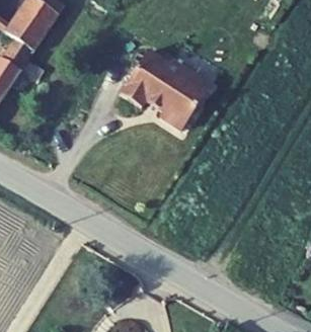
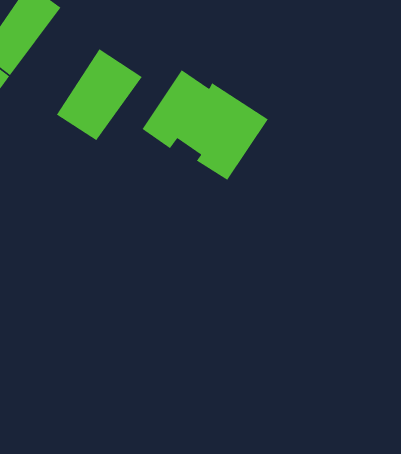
building: none -> [56,48,143,141]

